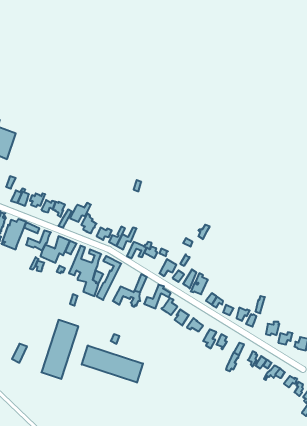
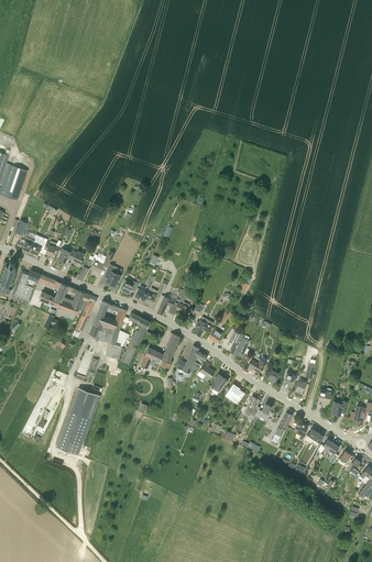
building: [82,345,143,383] -> none

